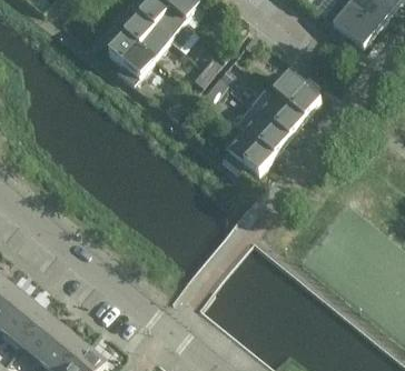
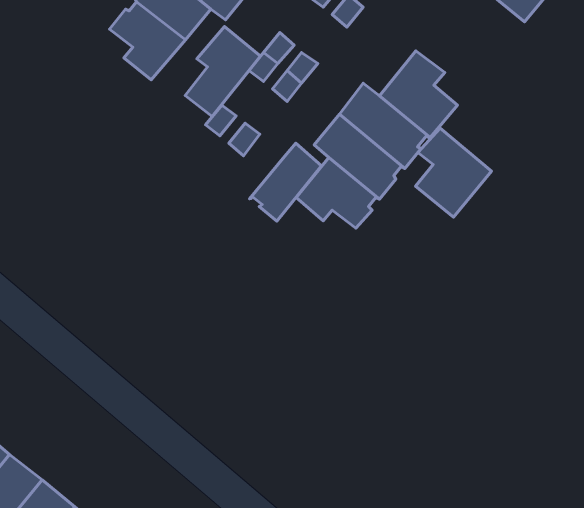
building: none -> [185,26,260,116]
building: none -> [416,128,492,217]
building: none -> [250,143,322,221]

